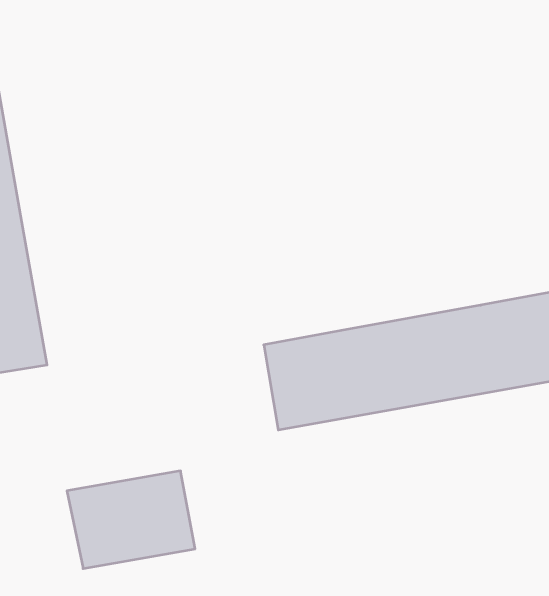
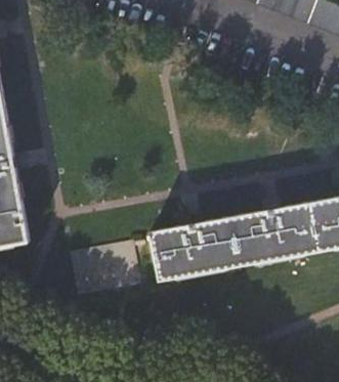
building: [67,471,195,569] -> [69,240,141,295]

